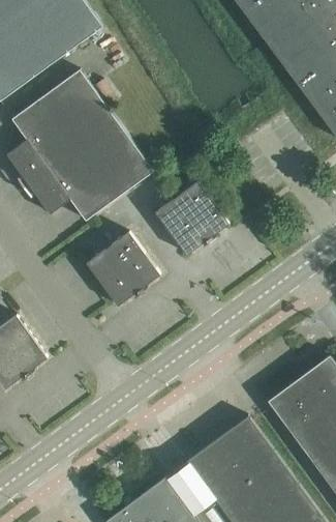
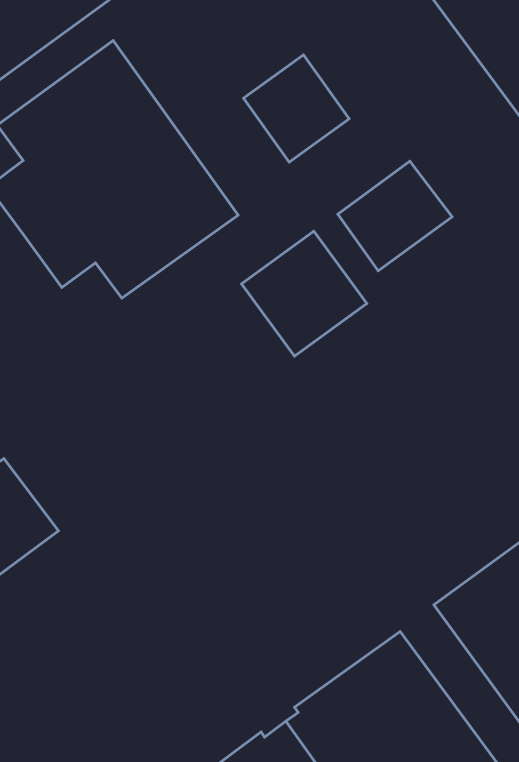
building: none -> [243,55,349,162]
building: none -> [338,161,452,271]
building: [86,231,160,304] -> none

